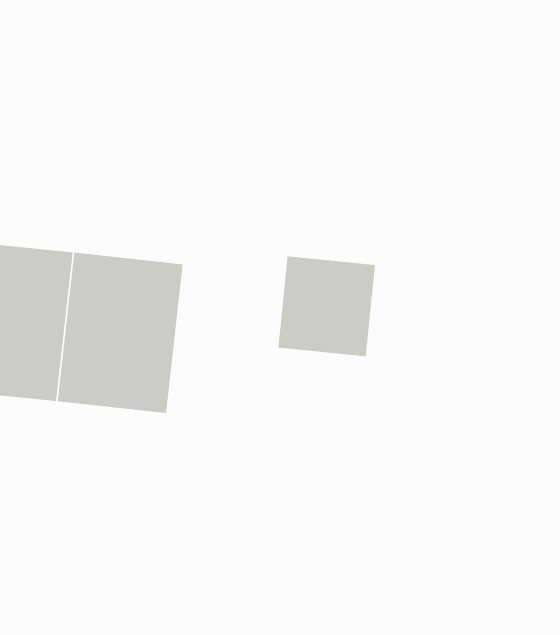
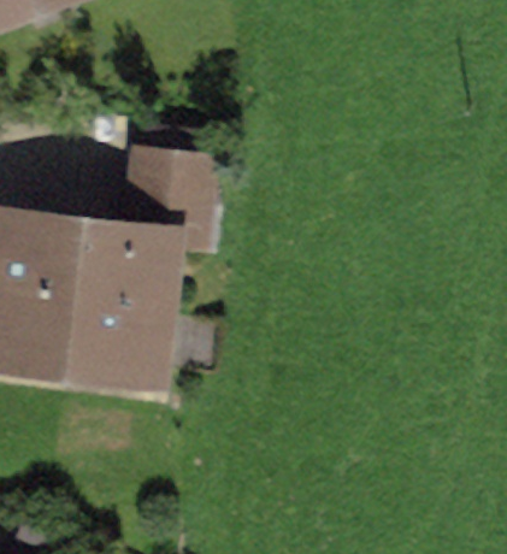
building: [278,256,376,357] -> [130,146,208,226]

